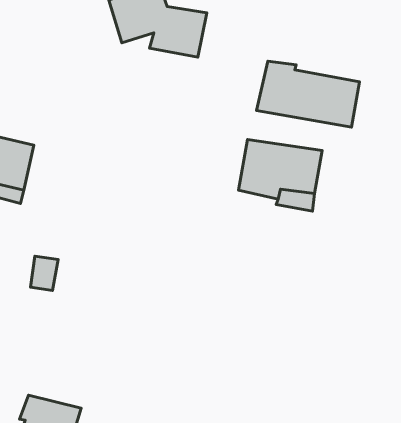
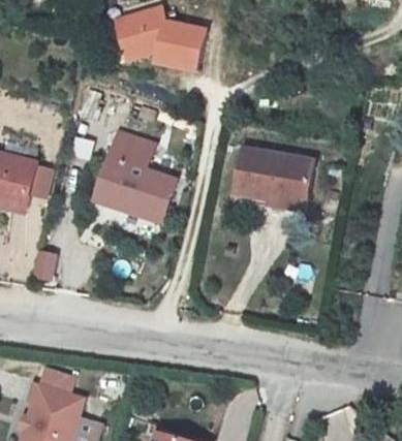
building: [256,61,360,127] -> none
building: none -> [98,119,178,208]

